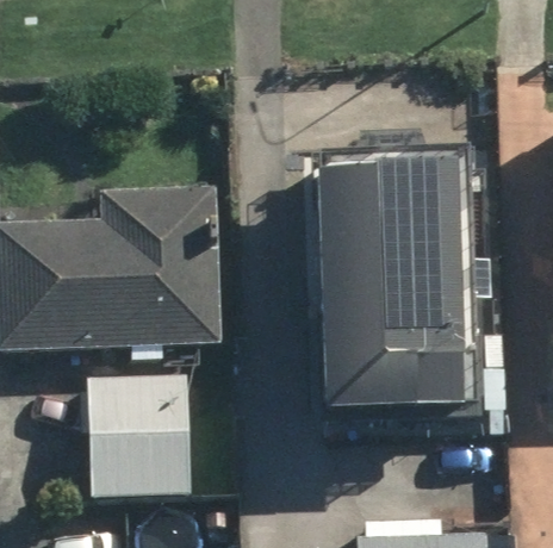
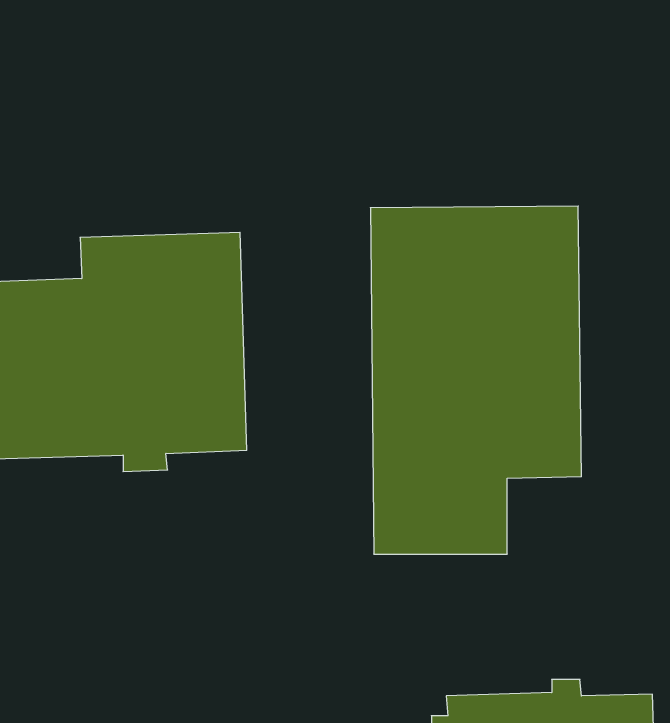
building: [88,376,191,497] -> none

